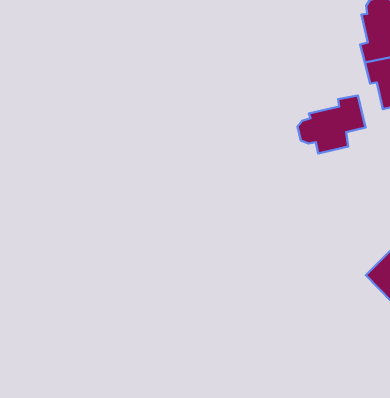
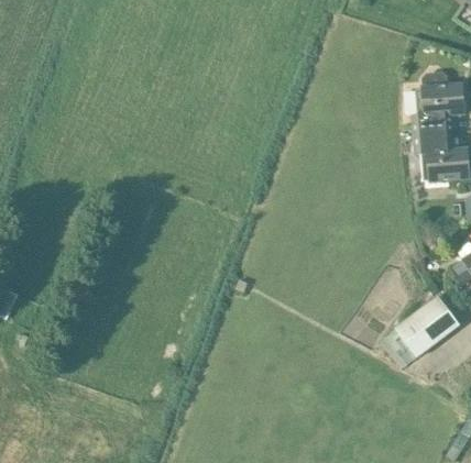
building: [298,96,365,153] -> none

